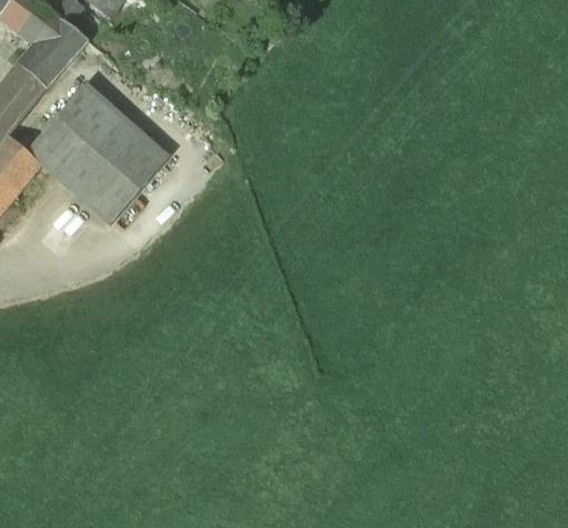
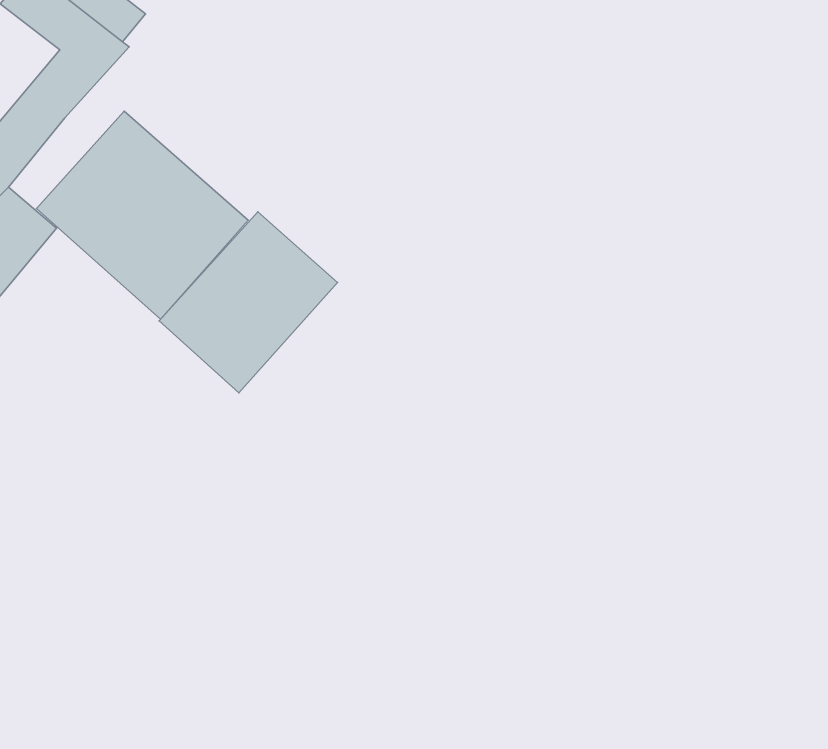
building: none -> [159,212,337,393]

